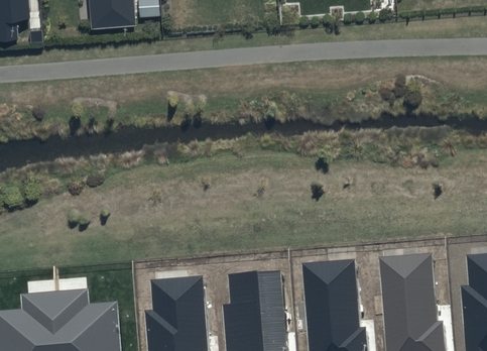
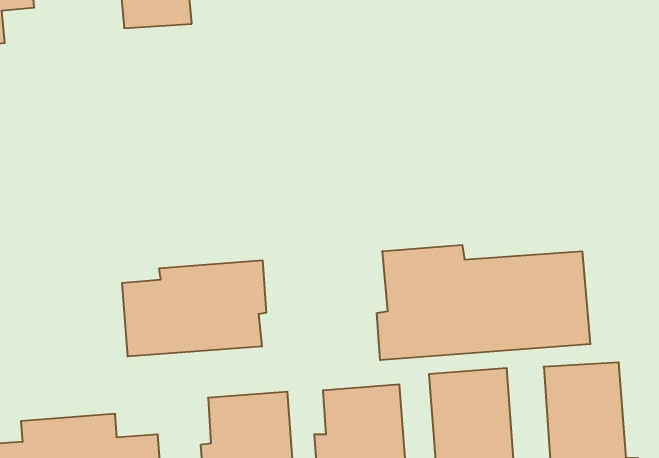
building: none -> [377,245,590,360]
building: none -> [122,260,266,357]

